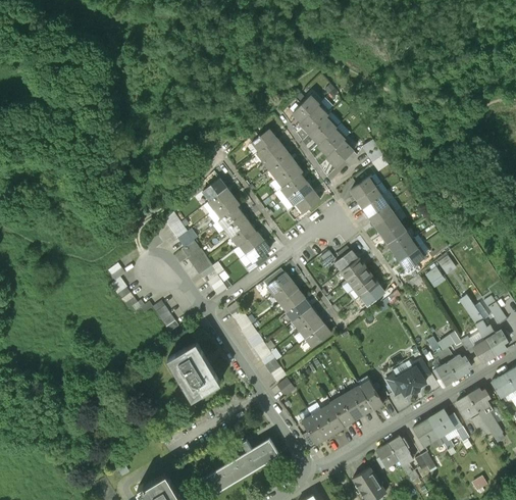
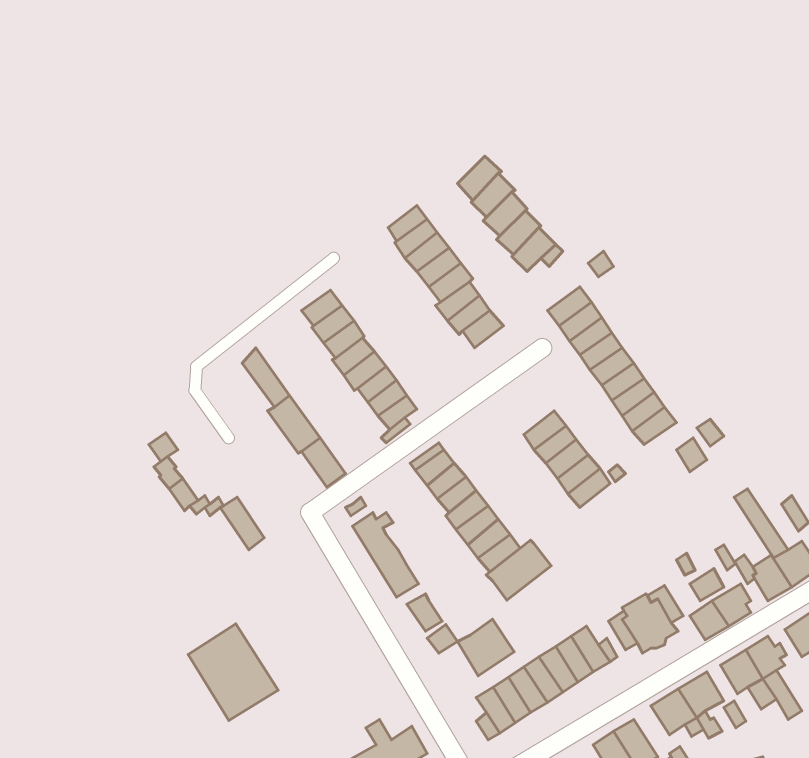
building: none -> [486,540,551,600]
building: [166,340,220,398] -> [188,624,278,721]
building: none -> [458,619,514,676]

